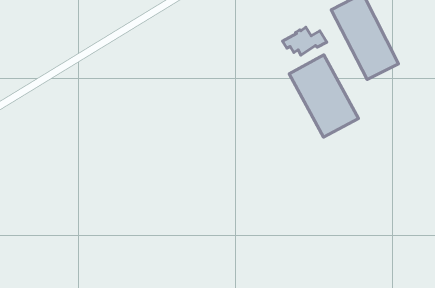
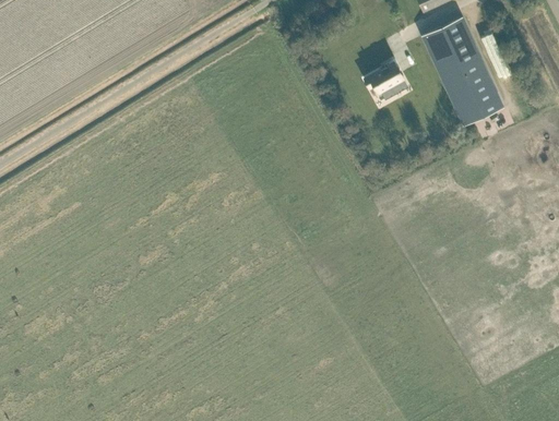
building: [289,55,359,137] -> none

